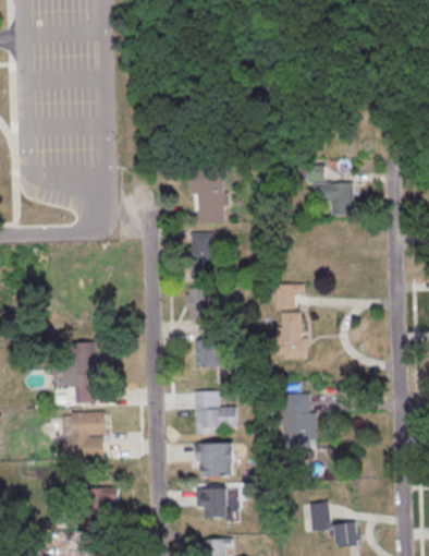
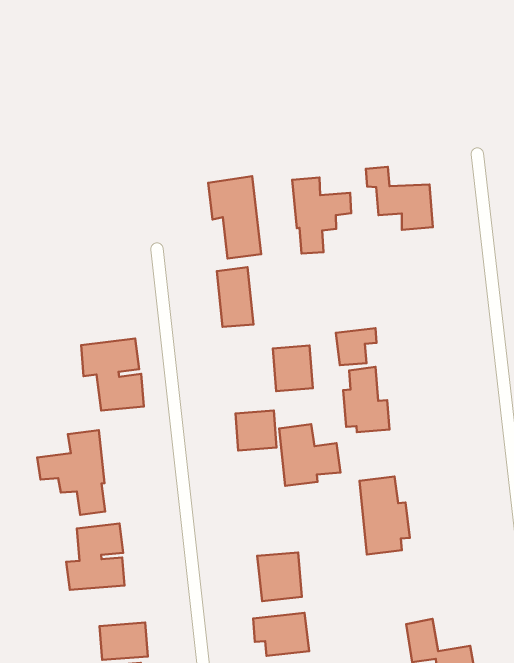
building: none -> [292,178,351,254]
building: none -> [81,338,144,410]
building: [185,287,212,318] -> [273,346,313,391]
building: [195,390,237,434] -> [279,424,340,486]

